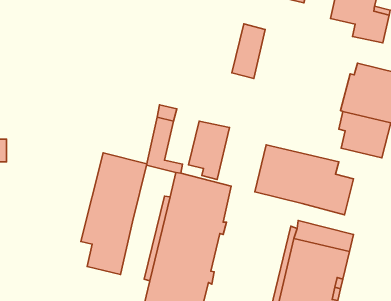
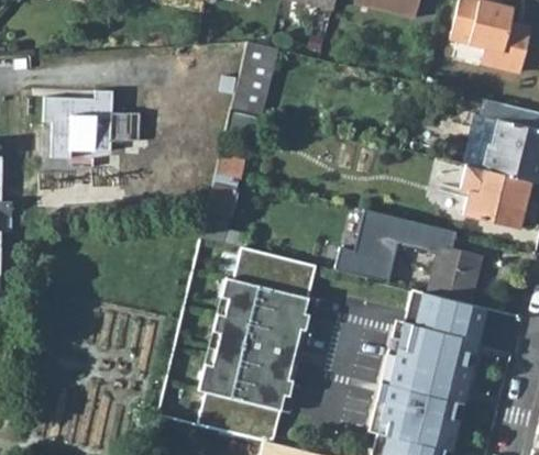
building: [232,24,265,78] -> [231,41,276,114]
building: none -> [43,89,141,156]
building: [189,121,230,179] -> none
building: [81,153,147,274] -> none
building: none -> [406,288,486,330]

